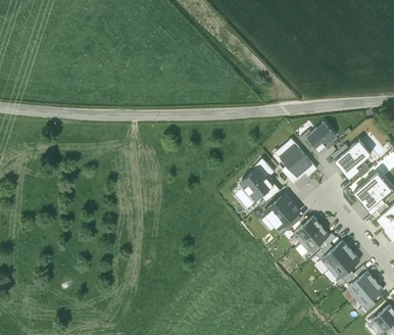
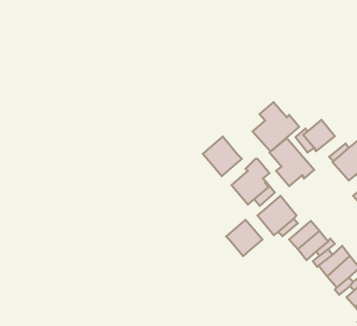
building: none -> [252,102,299,152]
building: none -> [203,136,242,176]
building: none -> [226,220,263,256]

